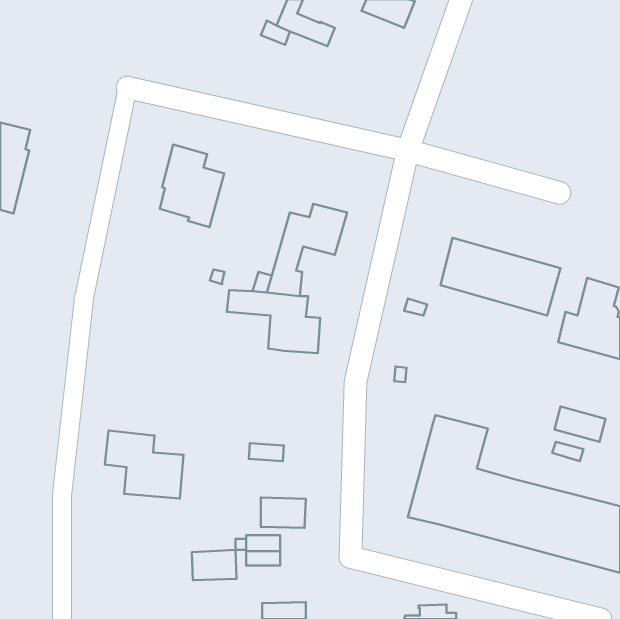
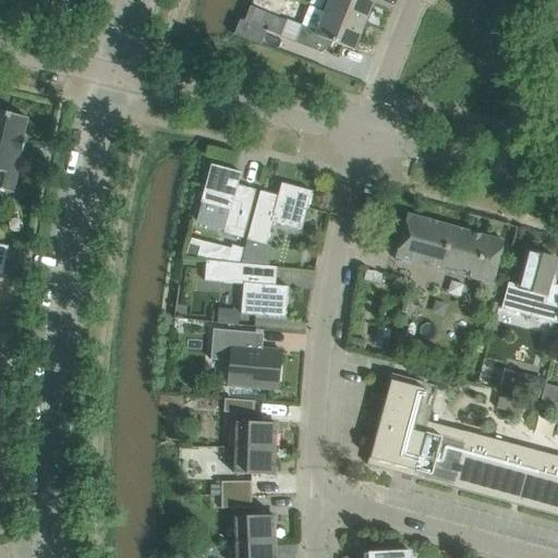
building: none -> [294,10,363,52]
building: [160,145,224,227] -> [198,163,256,238]
building: [105,431,184,499] -> [210,328,281,389]
building: none -> [234,421,276,448]
building: [192,550,237,580] -> [234,514,275,542]

